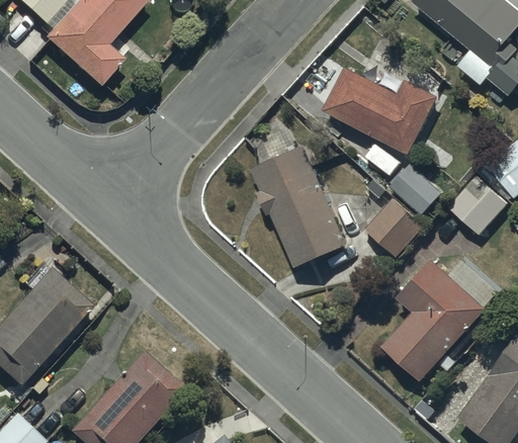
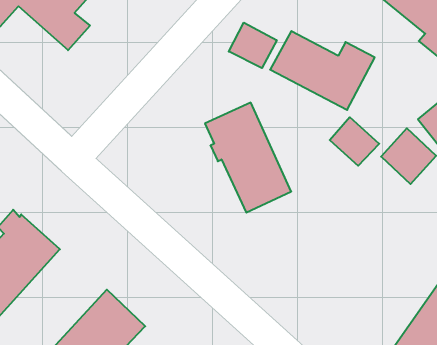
building: none -> [229,23,277,68]
building: [363,197,424,258] -> none
building: [382,260,486,382] -> none

